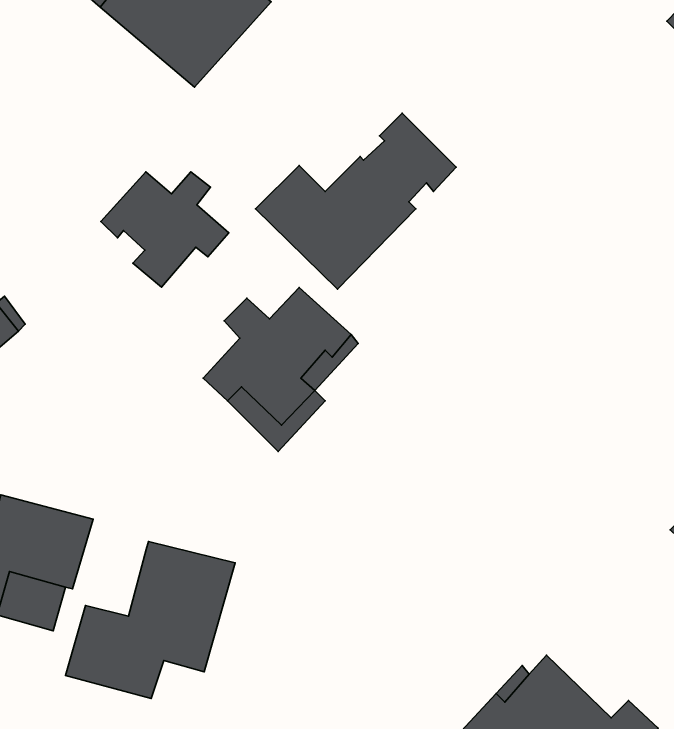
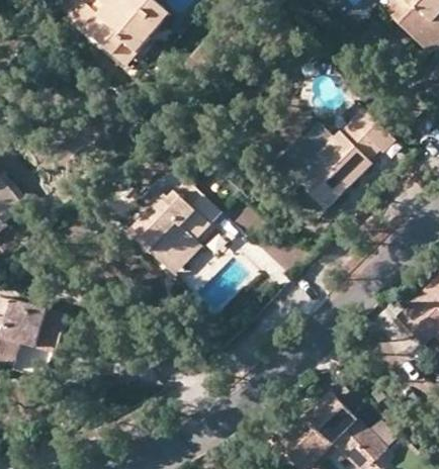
building: [256,113,456,289] -> [277,106,393,208]
building: [101,172,229,287] -> none
building: [66,541,235,698] -> none

